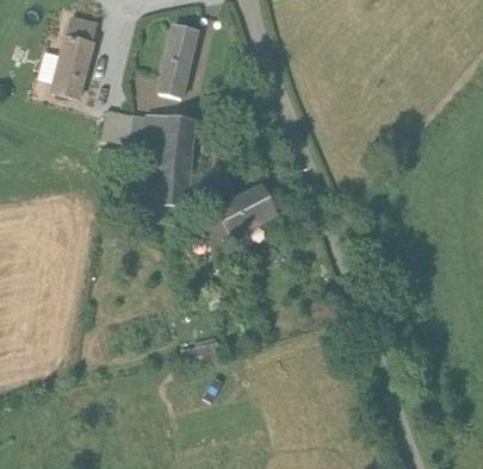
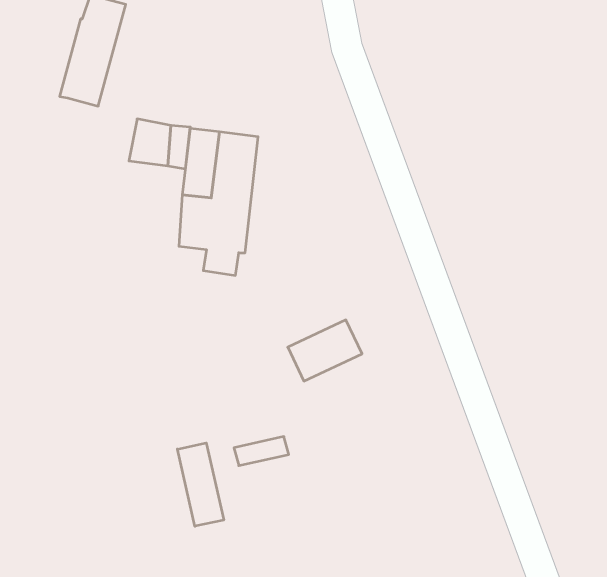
building: [160,24,198,96] -> none
building: [219,188,274,233] -> [288,320,362,381]
building: none -> [177,443,224,526]

